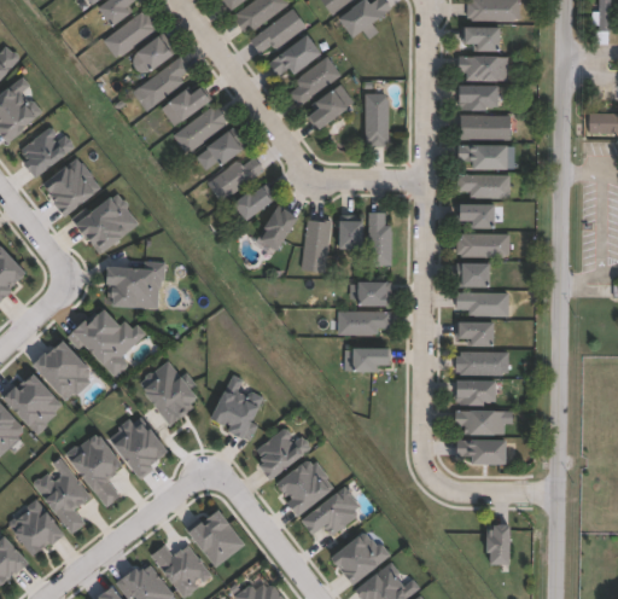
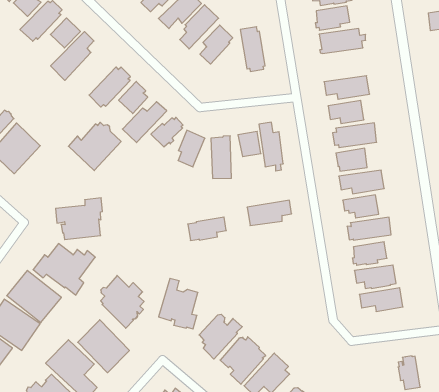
building: [165,91,209,126] -> none
building: [460,141,512,165] -> none
building: [71,200,136,258] -> [68,122,121,171]
building: [362,279,393,303] -> none
building: [346,345,392,368] -> [188,217,226,240]

